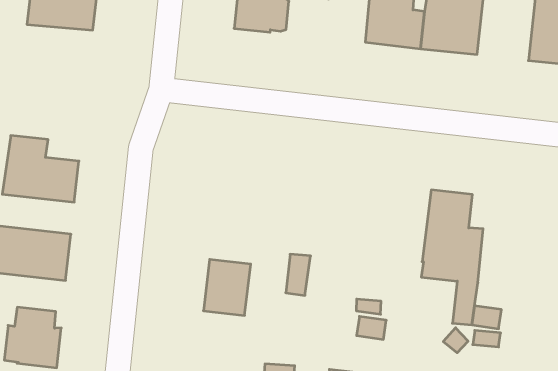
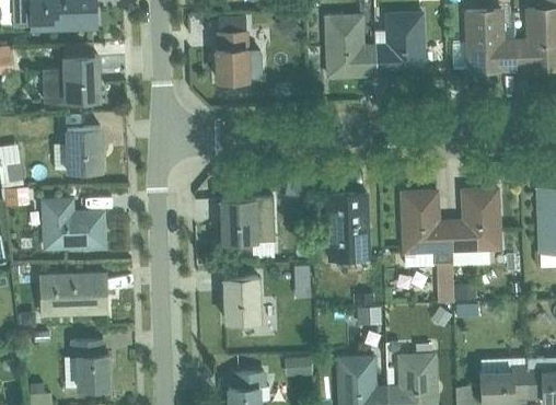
building: none -> [54,127,102,172]
building: none -> [221,197,275,243]
building: none -> [327,194,369,262]
building: none -> [450,188,500,265]

